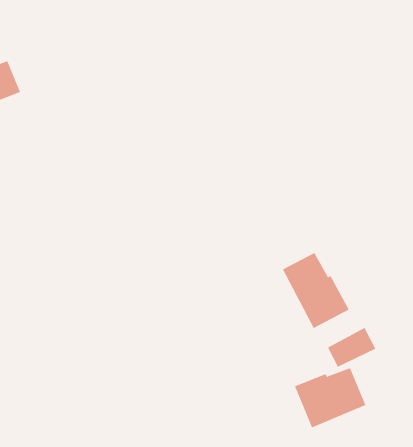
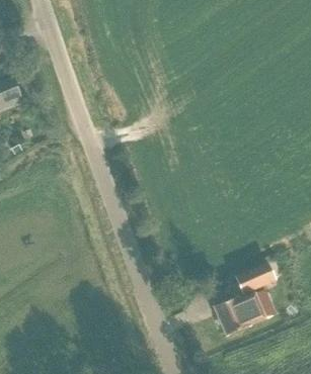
building: [282,252,349,329] -> none

